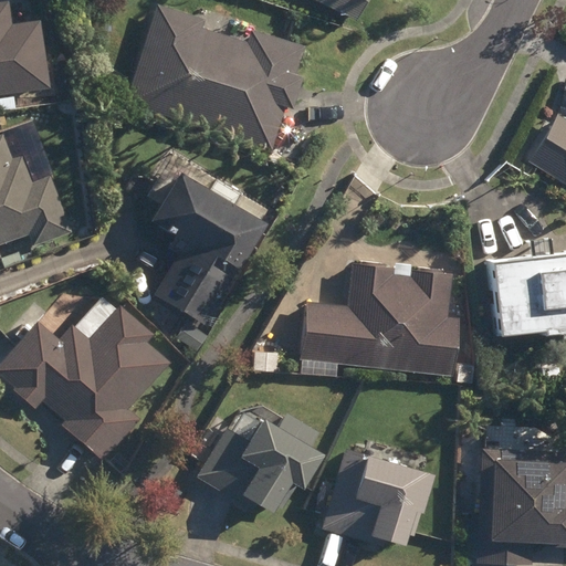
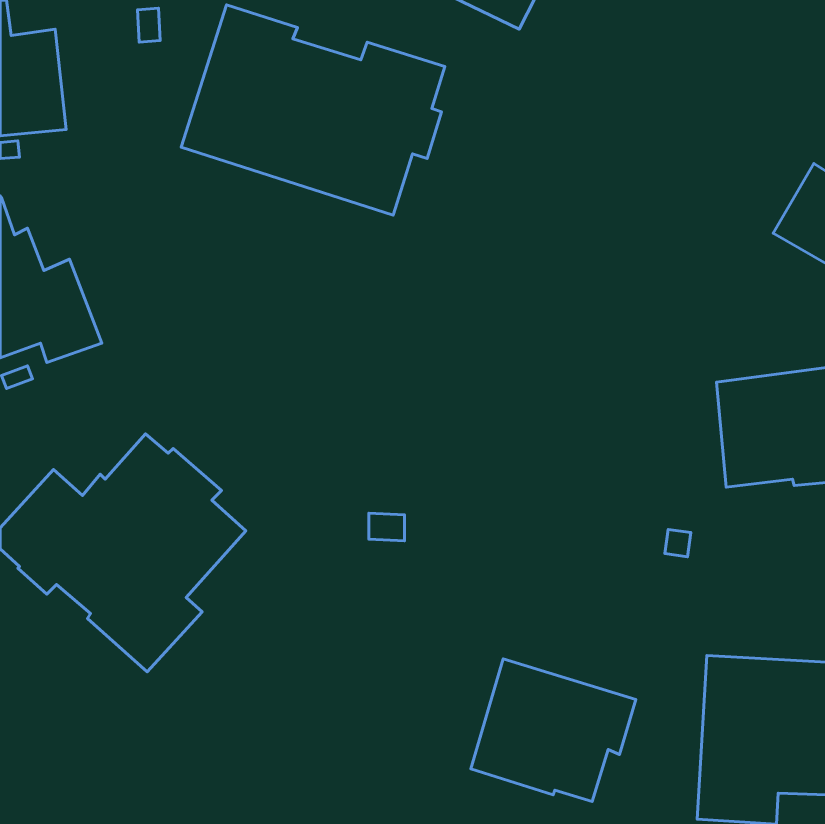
building: [150,172,266,324] -> none
building: [296,261,458,371] -> none
building: [196,412,323,515] -> none

